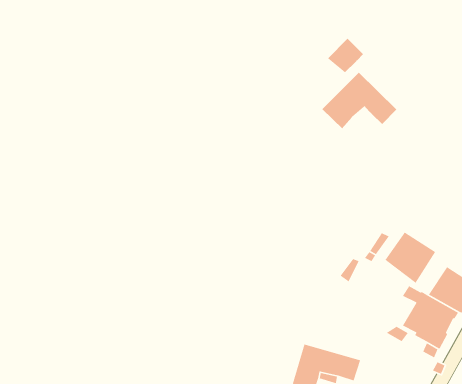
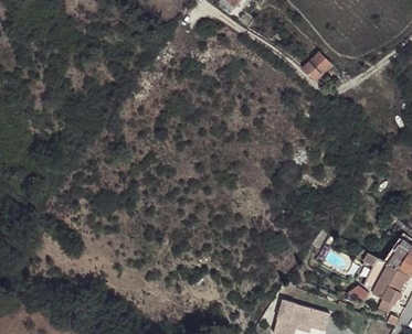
building: [322,72,397,129] -> none
building: [385,231,436,284] -> none

